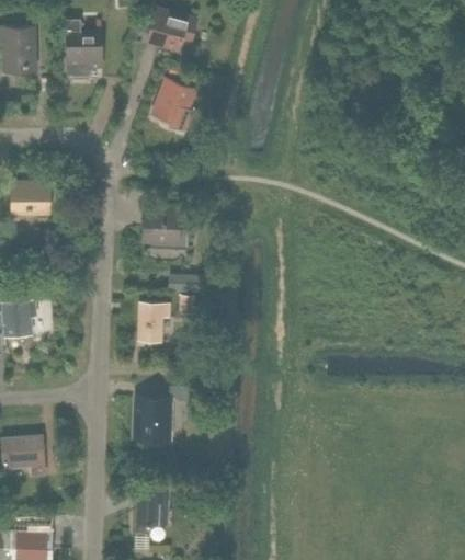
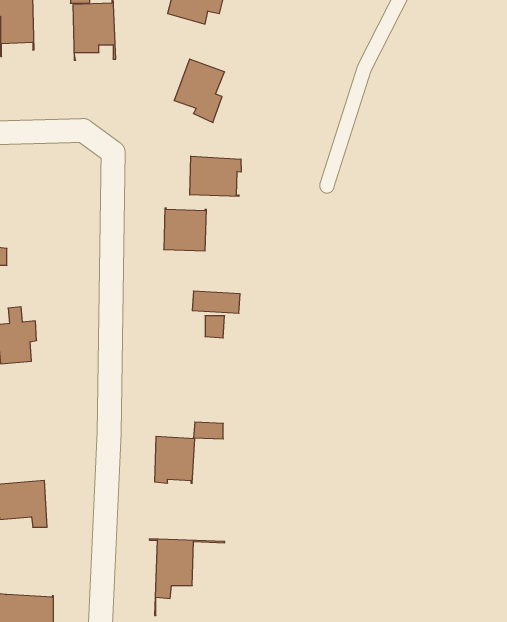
building: none -> [190,156,241,196]
building: [12,183,49,229] -> none
building: [139,305,169,343] -> none

